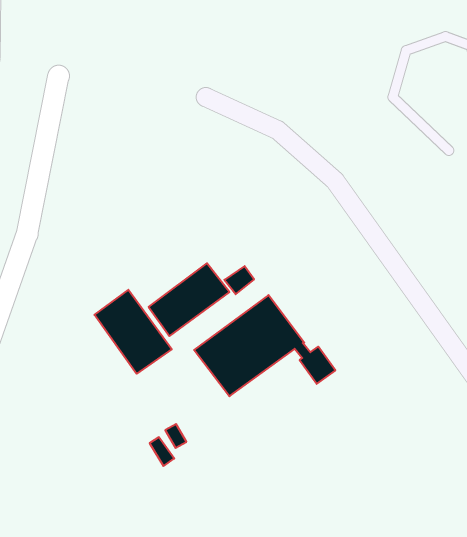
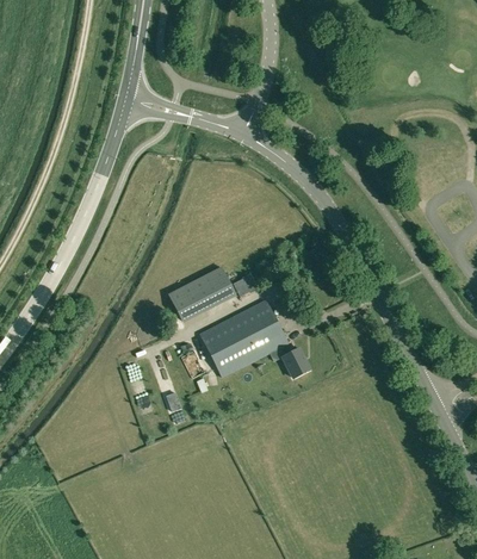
building: [94,290,172,374] -> none

